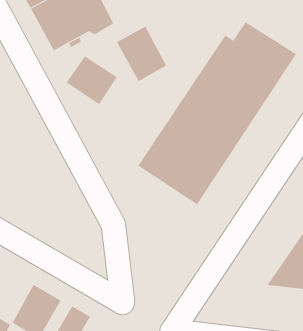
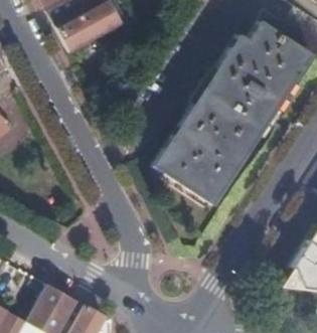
building: [116,26,167,82] -> none
building: [66,56,118,105] -> none

